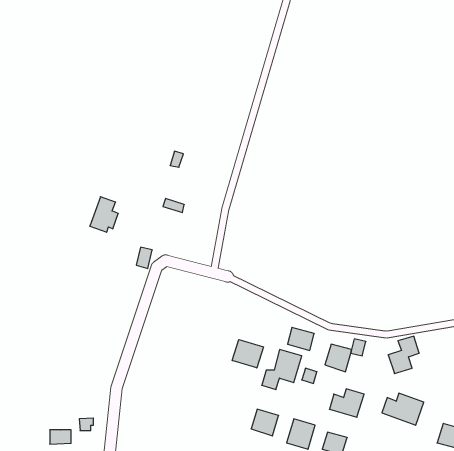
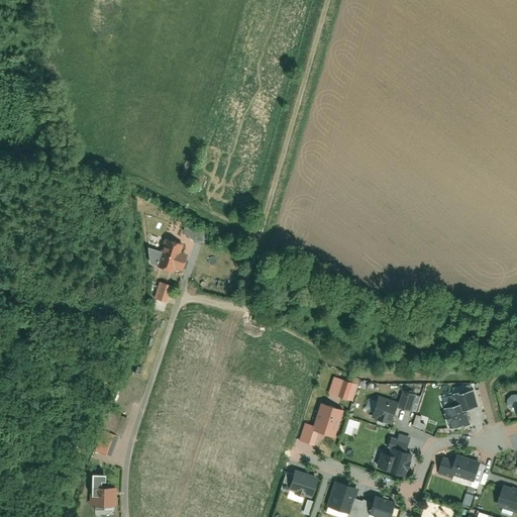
building: [90,197,118,232] -> [153,237,186,278]
building: [232,340,263,368] -> none
building: [50,430,71,444] -> [92,493,116,509]

